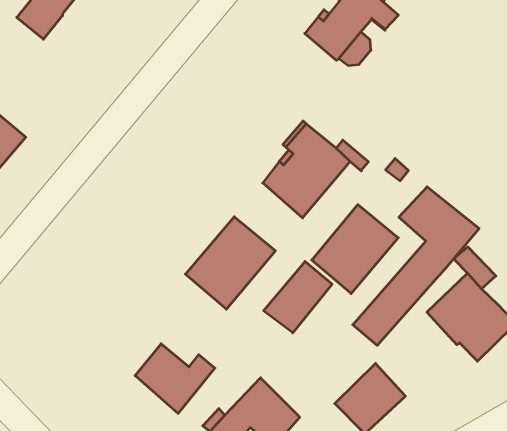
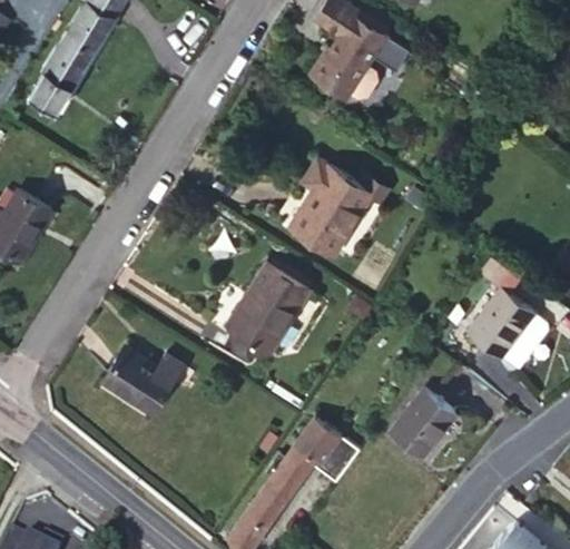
building: [353,187,479,345] -> none
building: [312,205,398,294] -> none
building: [264,261,332,333] -> none
building: [135,344,215,413] -> [104,350,180,415]

